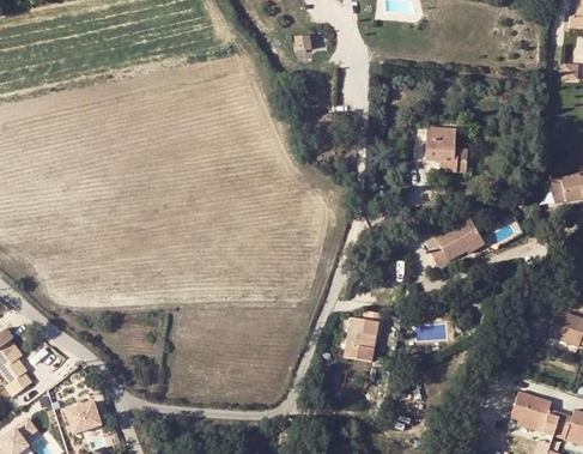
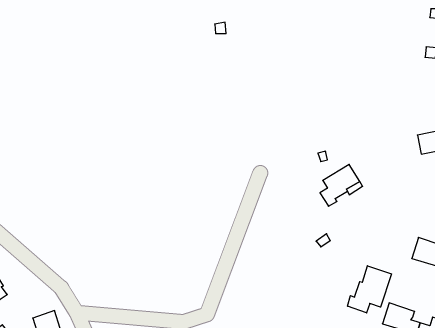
building: [425,127,464,171] -> none
building: [346,311,385,363] -> none
building: none -> [348,266,392,313]

